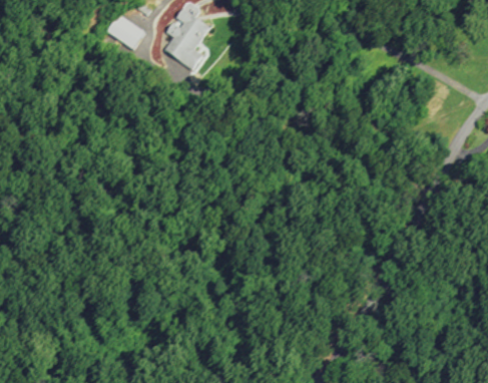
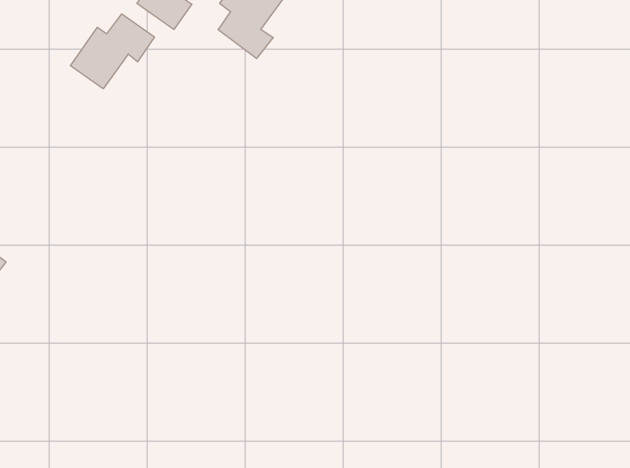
building: none -> [70,14,154,89]

